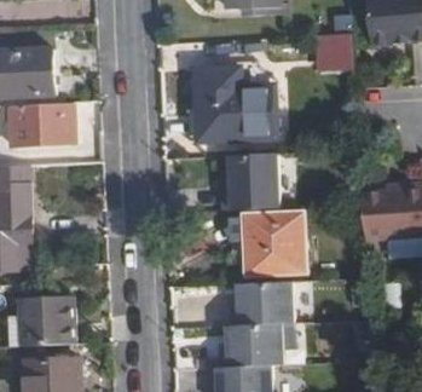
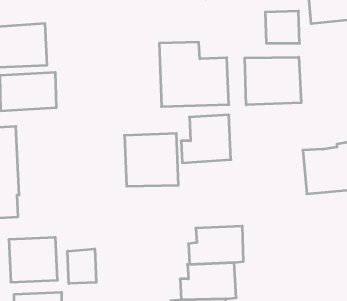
building: none -> [245,57,301,105]
building: [243,212,306,273] -> [124,133,178,186]
building: none -> [68,249,96,284]

